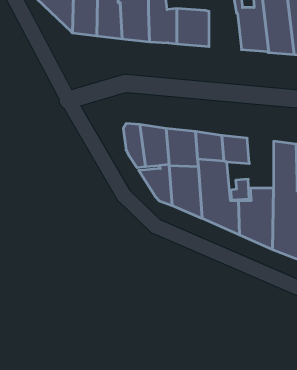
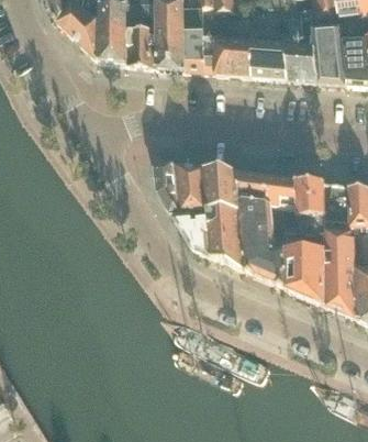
building: none -> [253,35,289,78]
building: none -> [295,178,325,234]

